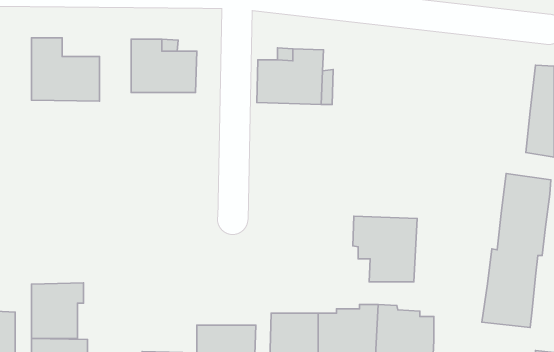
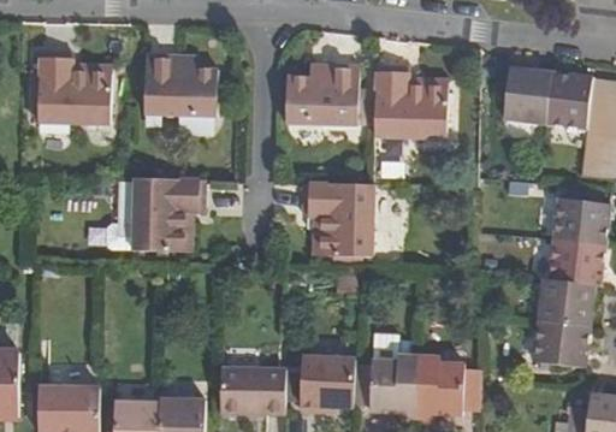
building: none -> [375,63,450,132]
building: none -> [502,72,592,132]
building: none -> [99,174,199,249]
building: [353,216,417,282] -> [303,179,374,251]
building: [31,283,83,338] -> none

